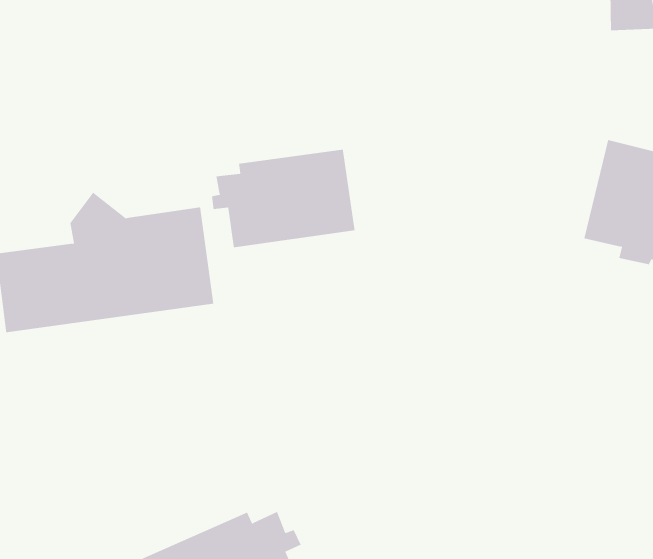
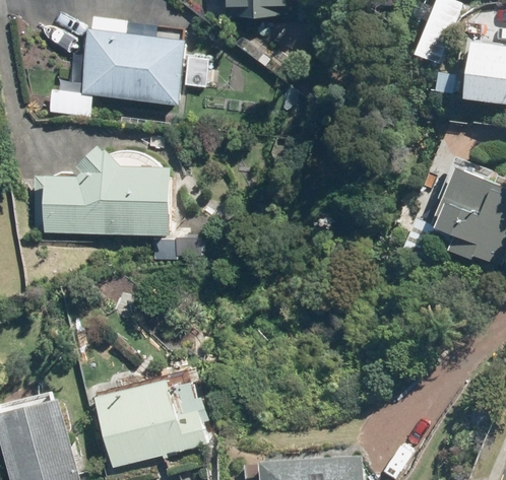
building: none -> [75,15,195,106]
building: [212,149,355,248] -> none

